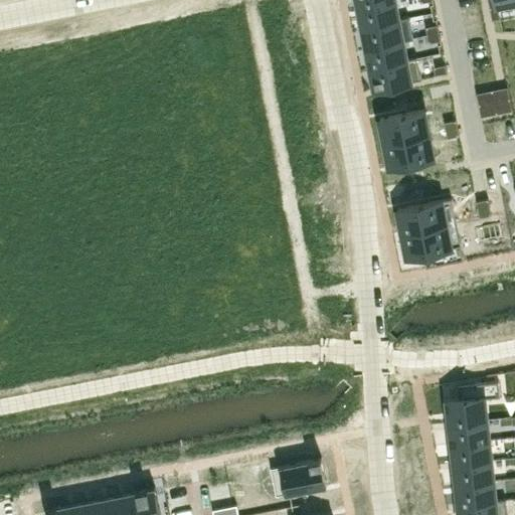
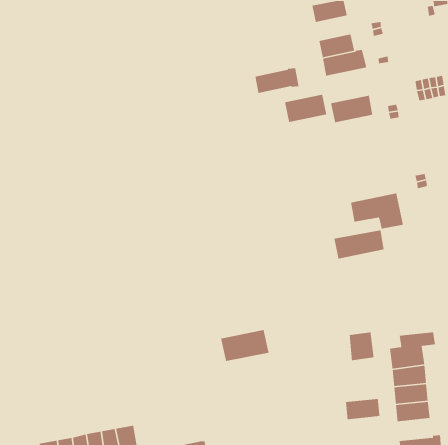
building: [360,21,411,51] -> [254,67,299,94]
building: [382,137,432,170] -> [284,94,327,123]
building: [395,202,454,236] -> [334,230,385,259]
building: none -> [349,331,375,361]
building: [269,462,325,499] -> [220,329,269,362]
building: [454,484,494,509] -> [345,398,380,420]

